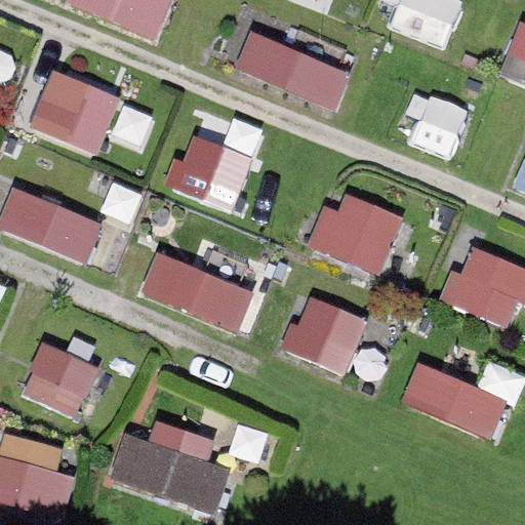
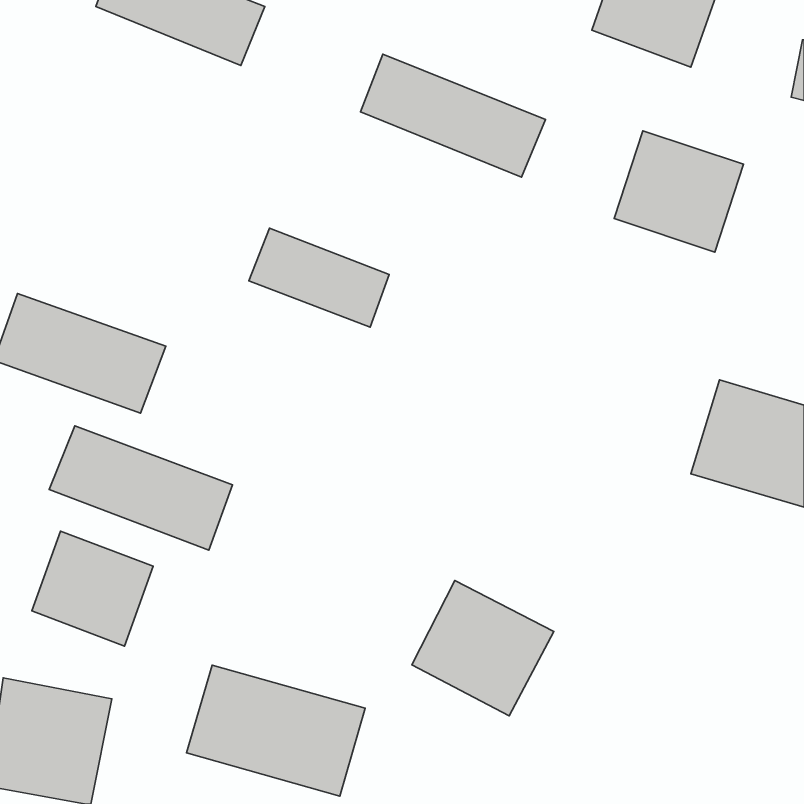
building: [27,70,120,154] -> none
building: [307,193,401,272] -> none
building: [138,252,256,332] -> [49,426,233,550]
building: [279,289,370,376] -> [412,580,554,716]
building: [399,361,508,441] -> none

